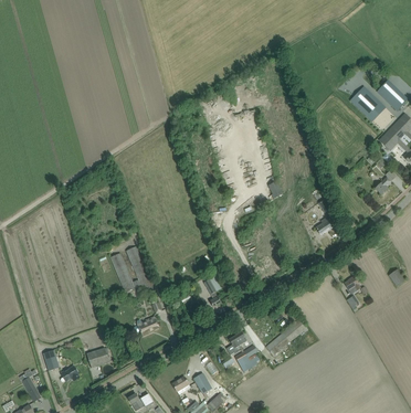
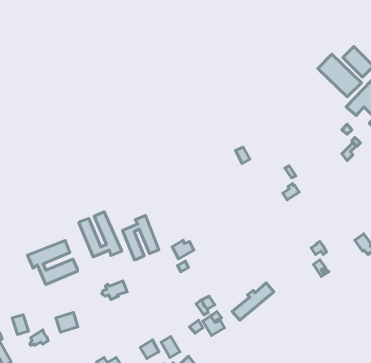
building: none -> [122,215,159,260]
building: none -> [27,241,78,284]

